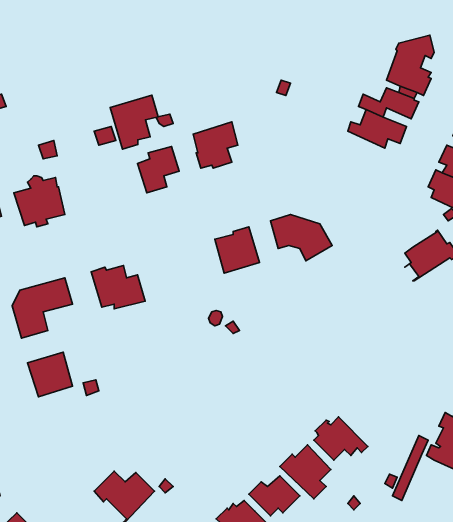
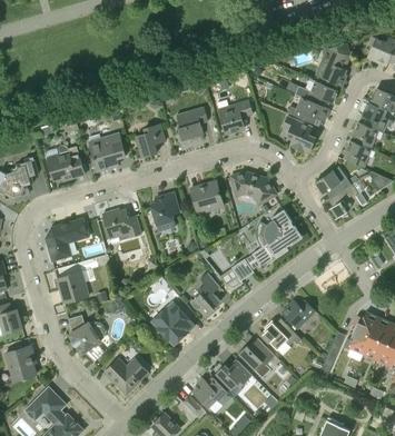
building: [110,95,158,149] -> [89,132,124,171]
building: none -> [218,99,253,133]
building: none -> [283,116,316,153]
building: none -> [315,166,352,196]
building: none -> [151,194,179,234]
building: none -> [226,209,302,291]
building: none -> [190,272,220,317]
building: none -> [282,300,316,329]
building: none -> [151,301,191,345]
building: none -> [69,315,105,361]

